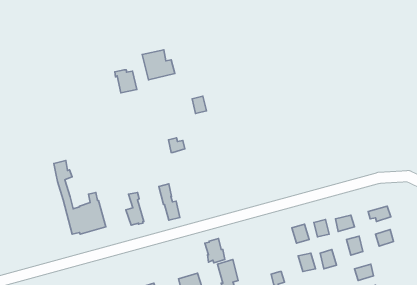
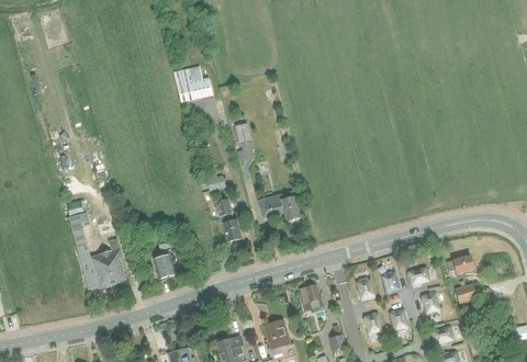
building: [115,70,137,93] -> none
building: none -> [259,191,301,220]
building: [159,184,180,220] -> [216,197,242,241]
building: [205,238,225,263] -> [300,283,324,313]

